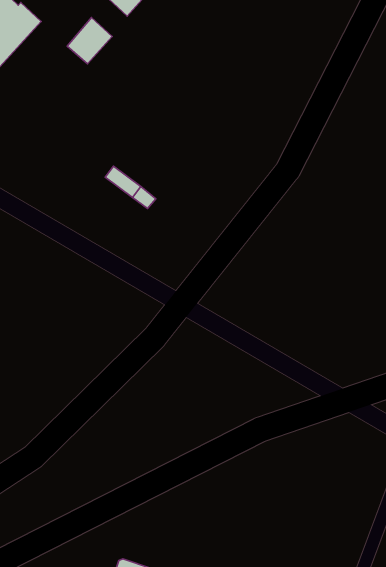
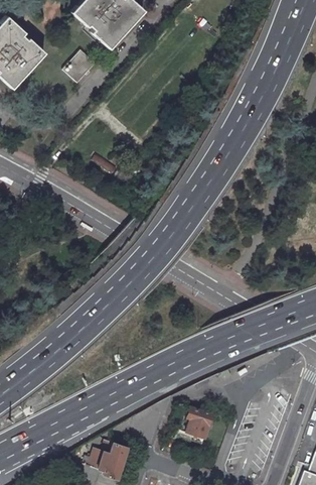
building: none -> [186,412,212,445]

